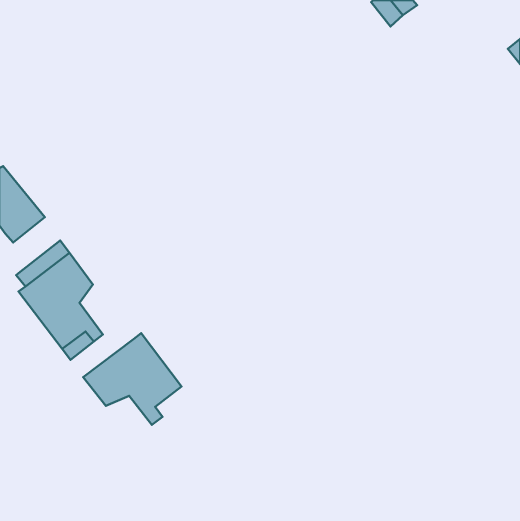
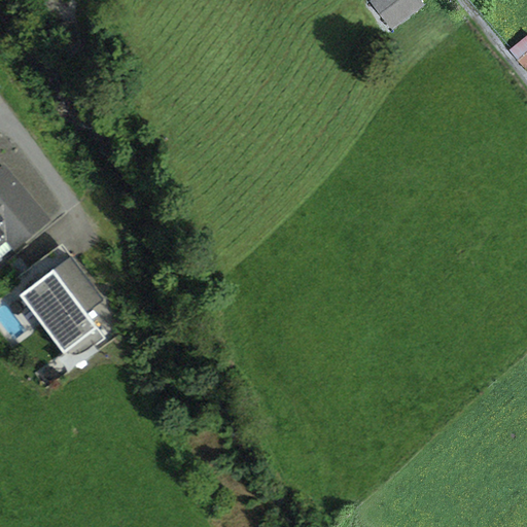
building: [83,333,181,425] -> none

